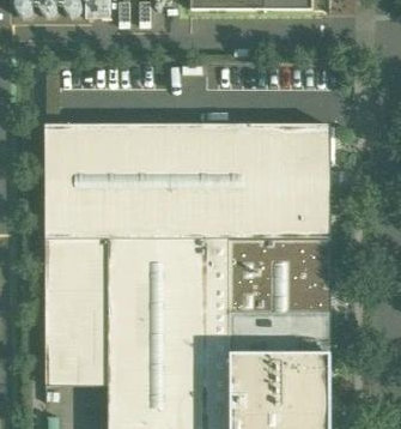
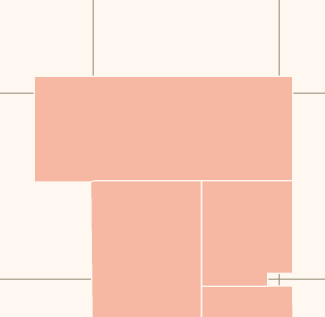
building: [44,238,108,382] -> none

